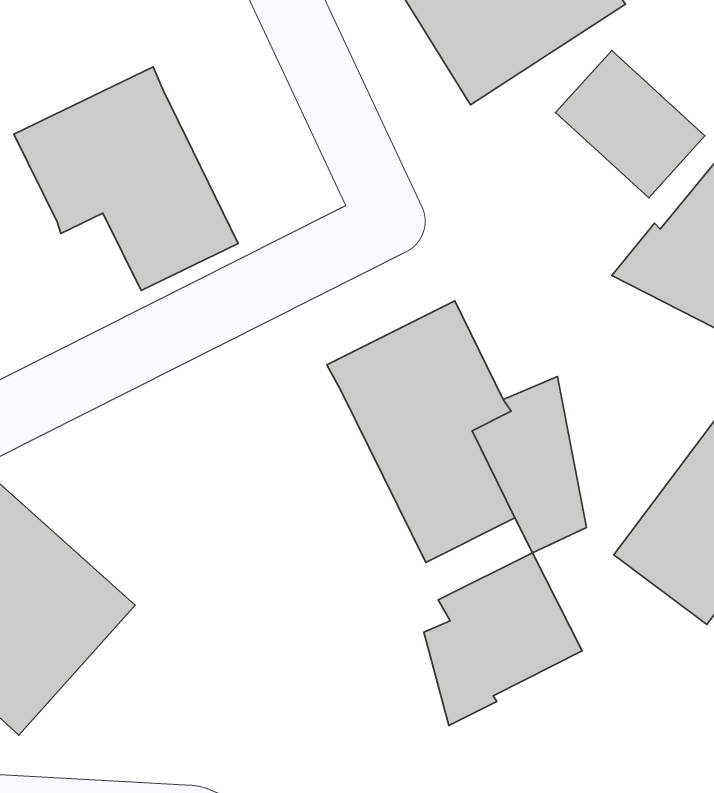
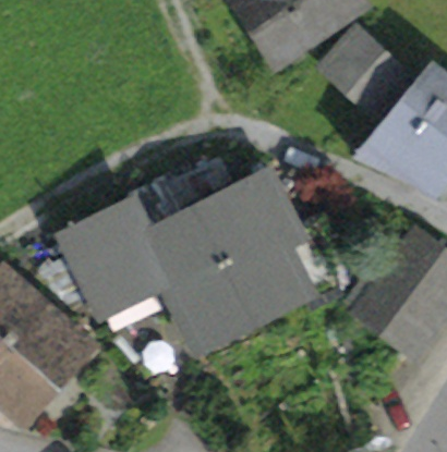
building: [14,67,238,290] -> none
building: none -> [60,205,247,342]
building: [424,553,582,726] -> none

